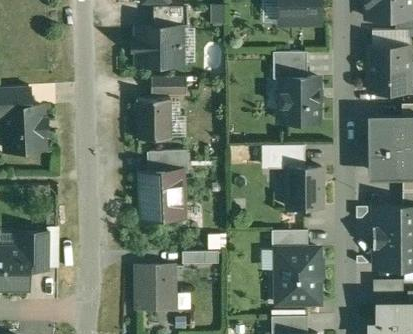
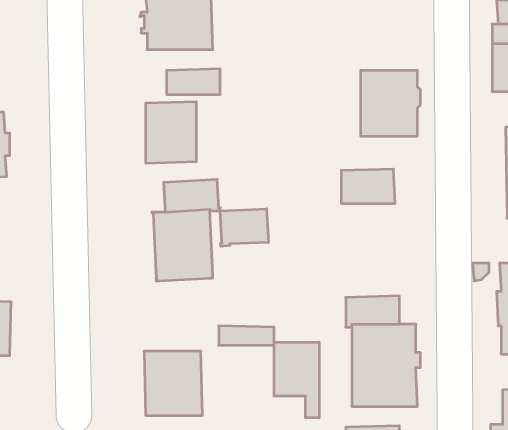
building: [273,53,307,80] -> none
building: [286,167,321,209] -> none
building: none -> [220,209,268,246]
building: none -> [274,342,319,418]

